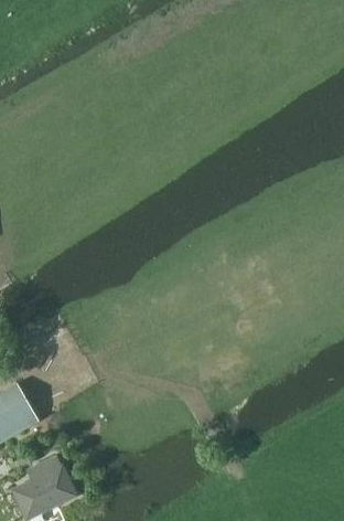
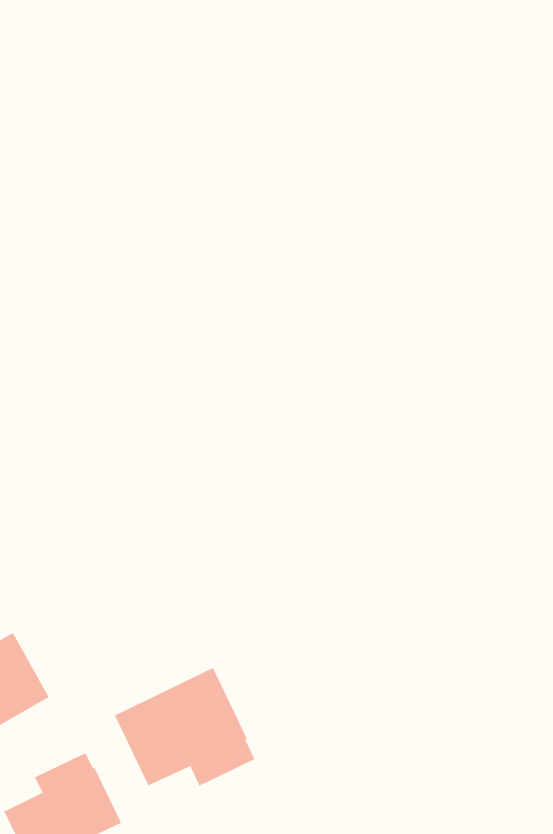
building: none -> [114,667,255,786]

